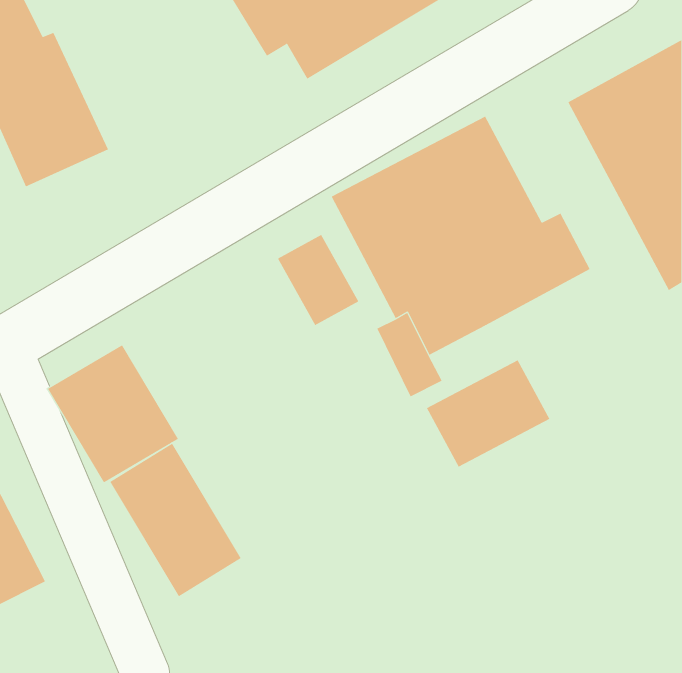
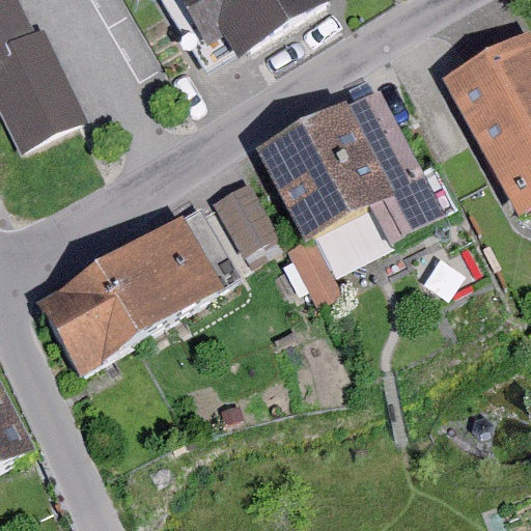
building: none -> [94,205,240,338]
building: [426,359,550,468] -> none
building: [109,443,241,597] -> none

